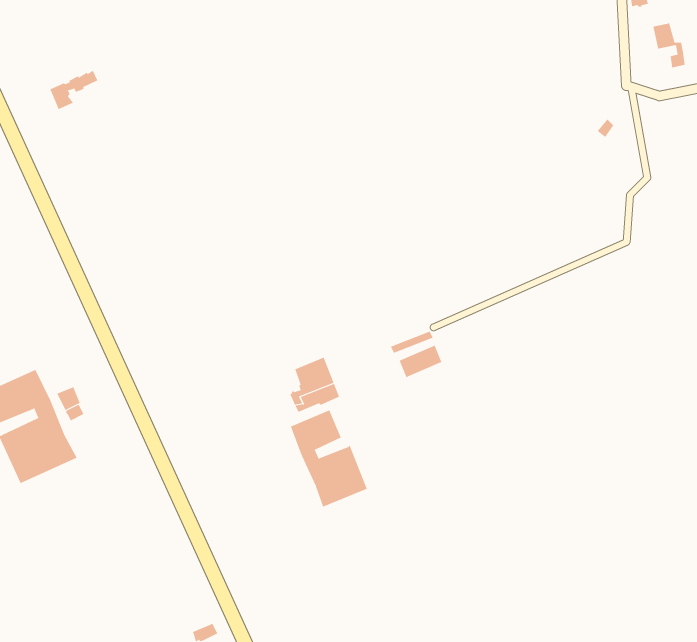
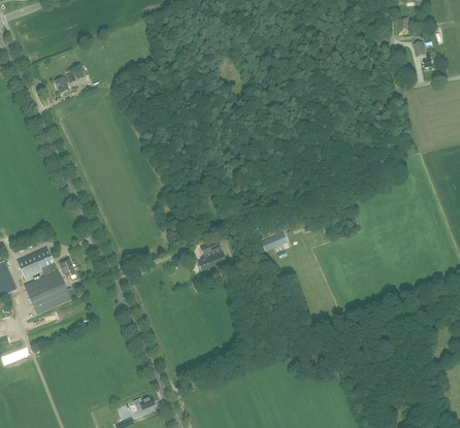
building: [290,410,368,508] -> none

